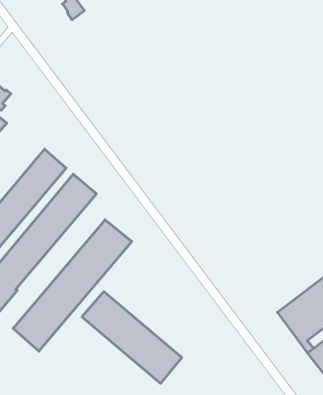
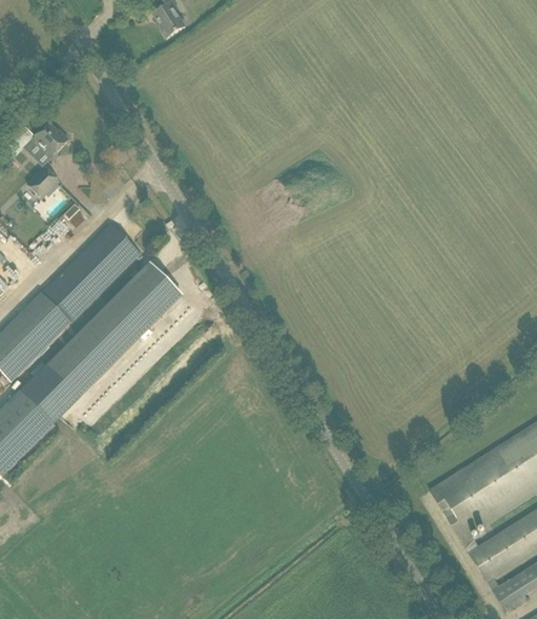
building: [13,220,132,351] -> none
building: [82,292,182,383] -> none

